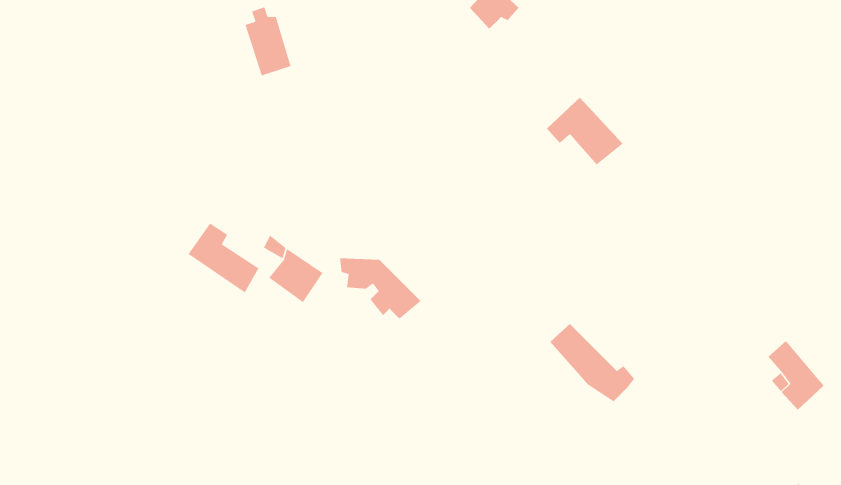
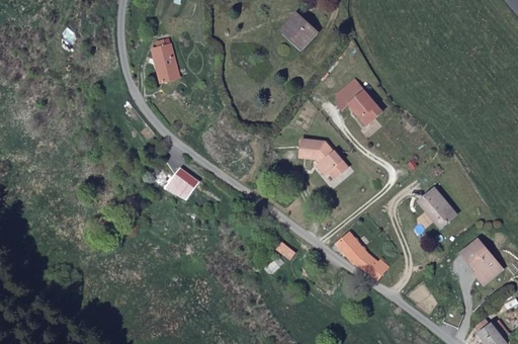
building: [188,223,259,294] -> none
building: none -> [418,183,455,225]
building: [339,258,421,320] -> [297,147,347,184]

